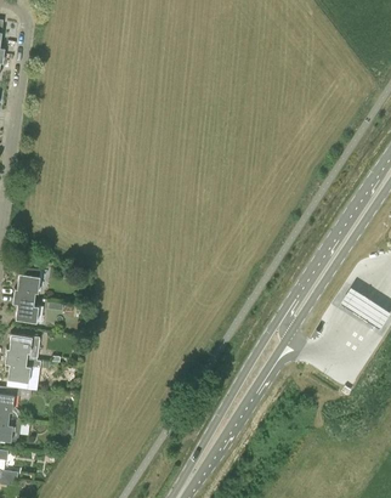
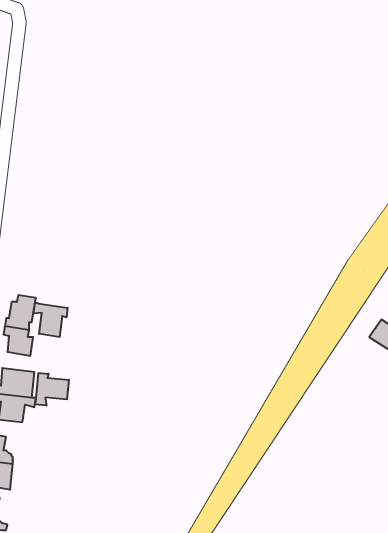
building: none -> [34,302,68,337]
building: none -> [35,373,69,406]

